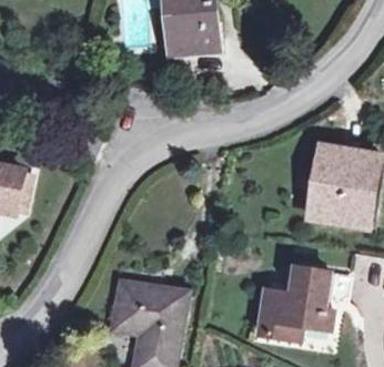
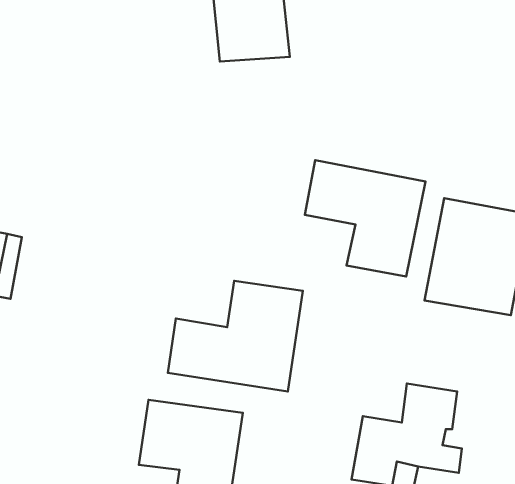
building: none -> [305,160,425,277]
building: none -> [168,281,303,392]

